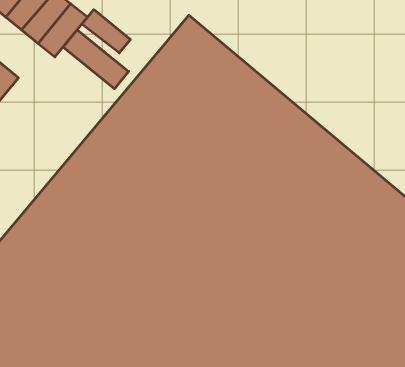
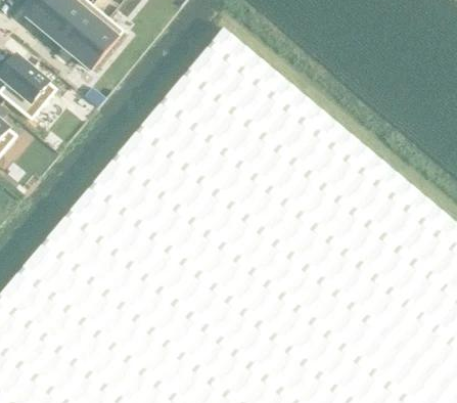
building: [82,10,130,53] -> none
building: [63,30,129,89] -> none

